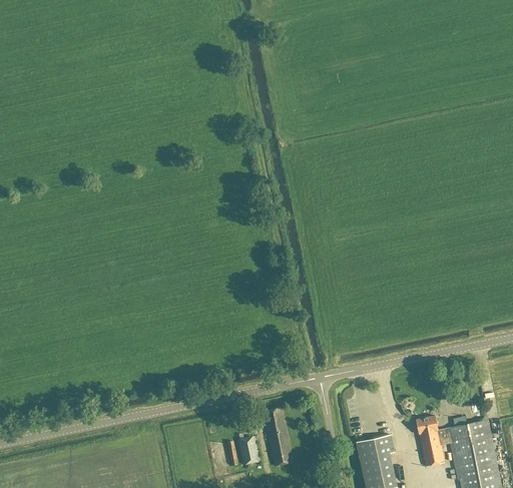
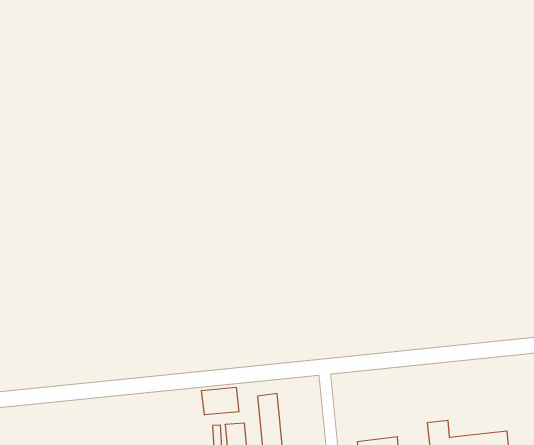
building: none -> [202,387,239,415]

